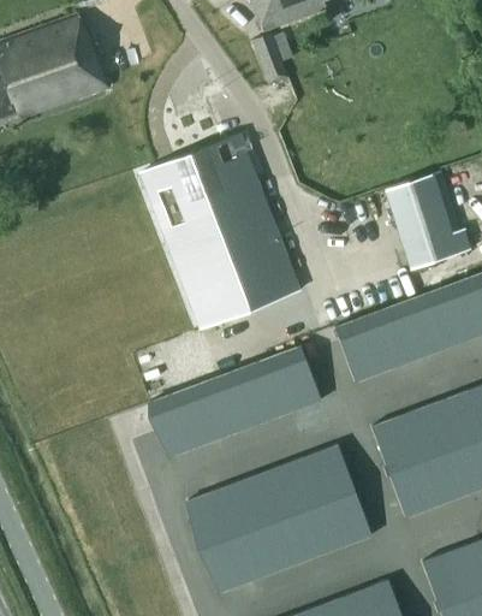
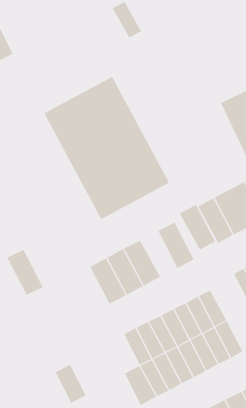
building: [249,355,294,419] -> [179,204,216,250]
building: [149,392,195,456] -> [6,249,43,295]
building: [186,491,226,545] -> [55,364,87,403]

